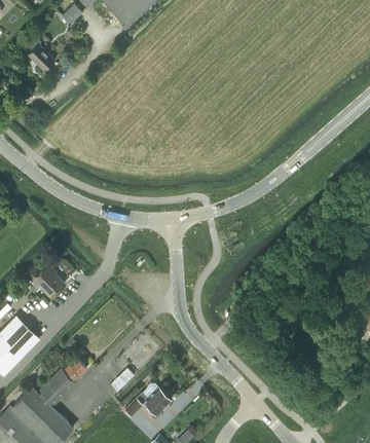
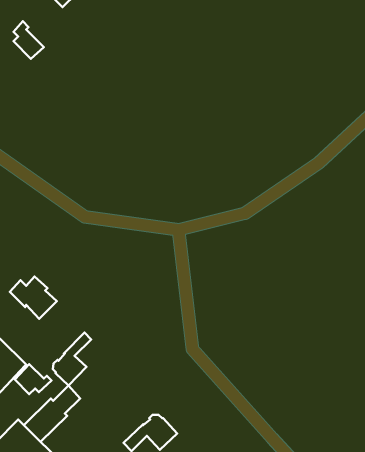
building: none -> [53,332,91,386]
building: none -> [15,364,52,394]

